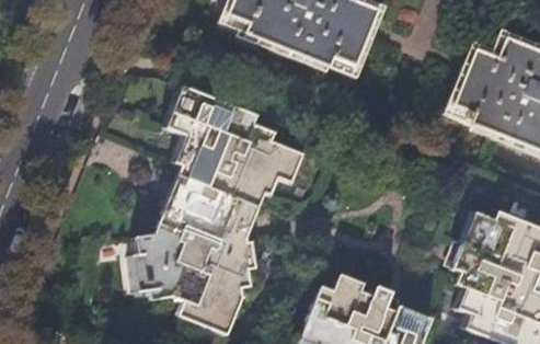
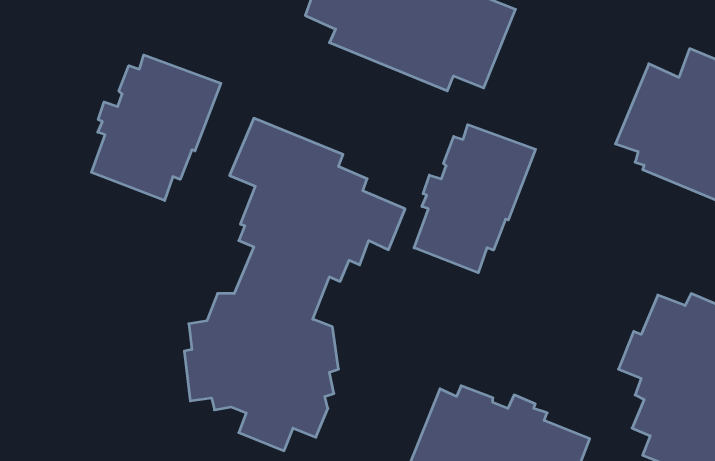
building: none -> [91,55,221,201]
building: none -> [414,125,536,273]

